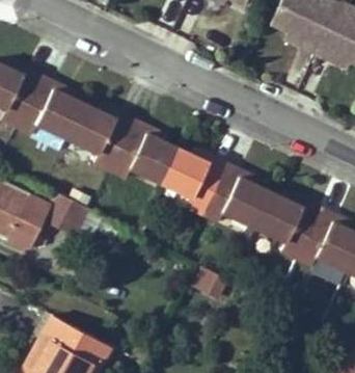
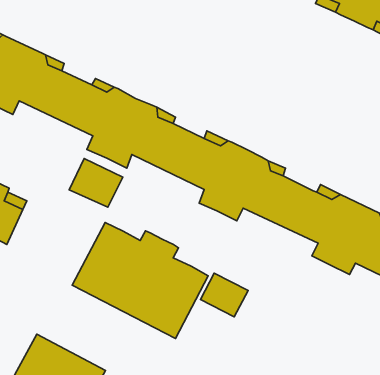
building: [47,194,91,235] -> [69,159,123,207]
building: none -> [72,222,208,339]

